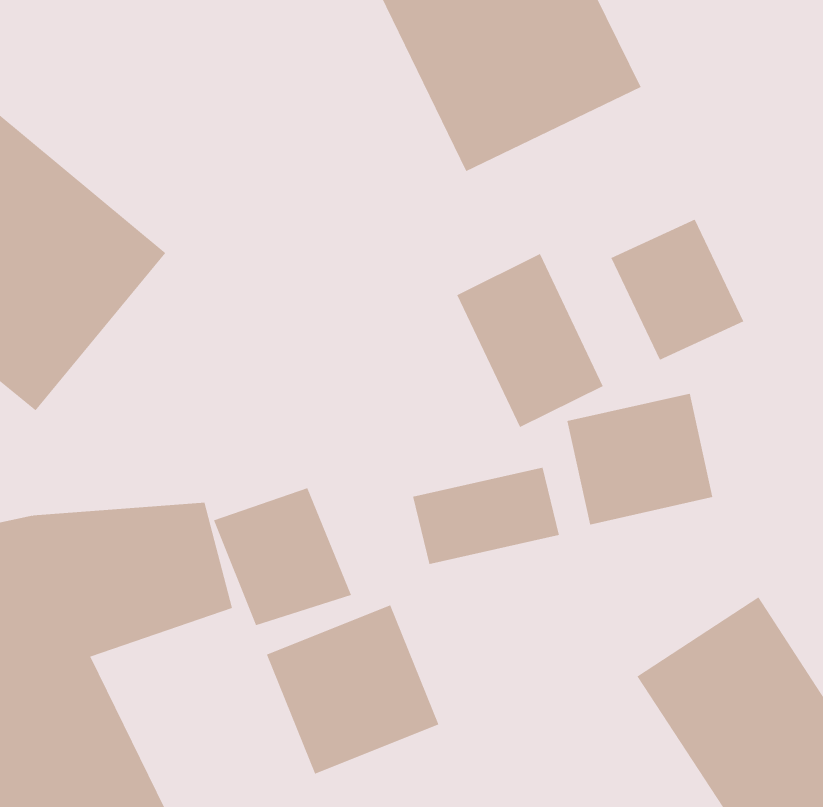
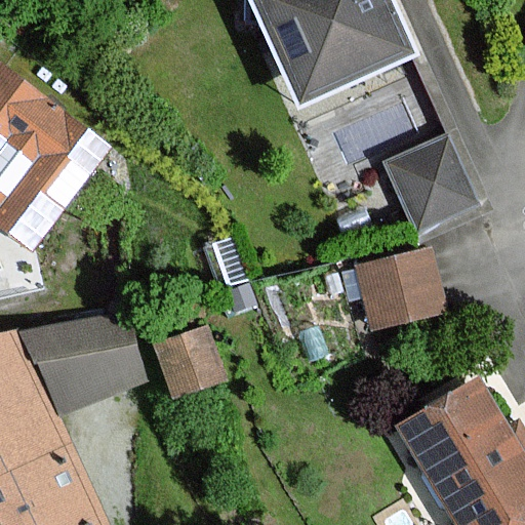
building: [456,253,604,428] -> none
building: [412,467,559,565] -> none
building: [266,604,439,774] -> none

